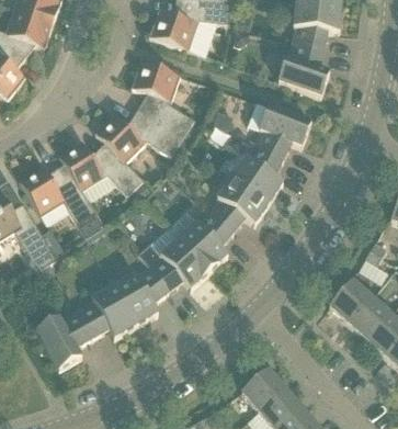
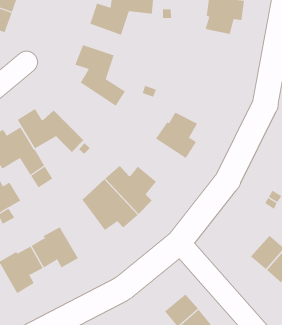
building: [277,42,329,95] -> none
building: [247,101,311,158] -> none
building: [95,108,182,179] -> none
building: [208,177,269,230] -> none
building: [113,266,168,325] -> none
building: [329,280,372,323] -> none

